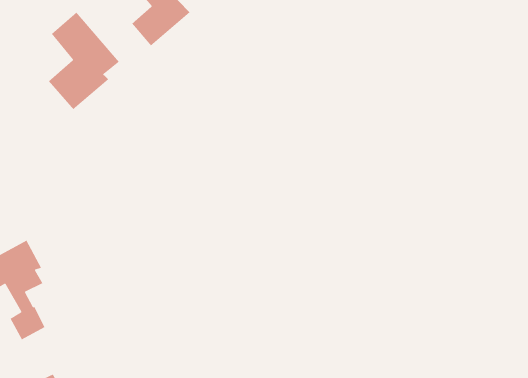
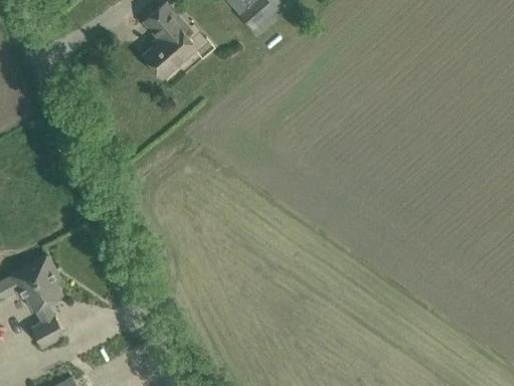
building: [48,12,120,110] -> none

